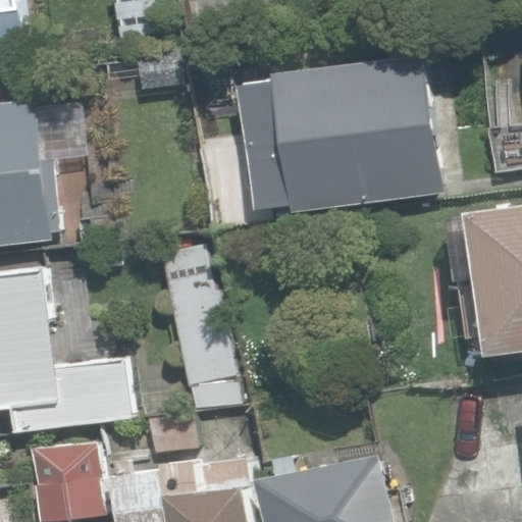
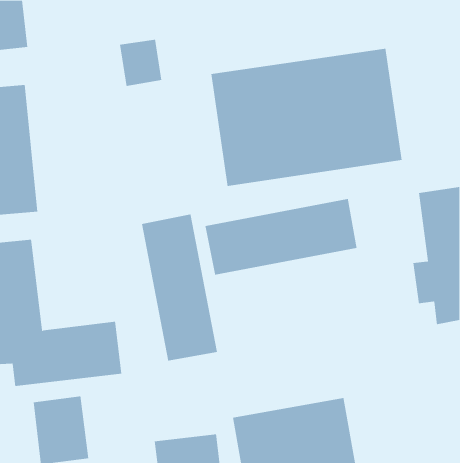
building: none -> [205,198,357,276]

